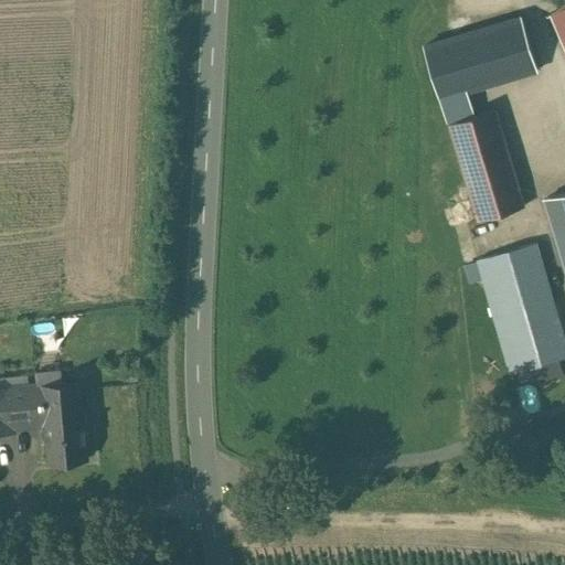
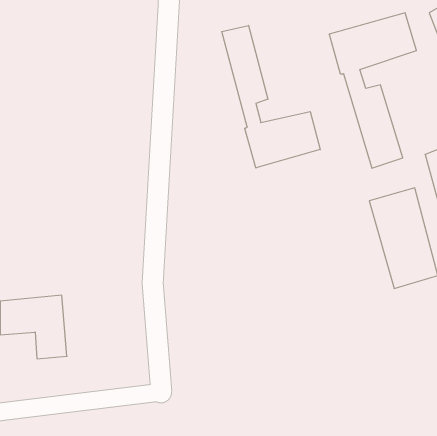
building: none -> [222,25,320,168]

